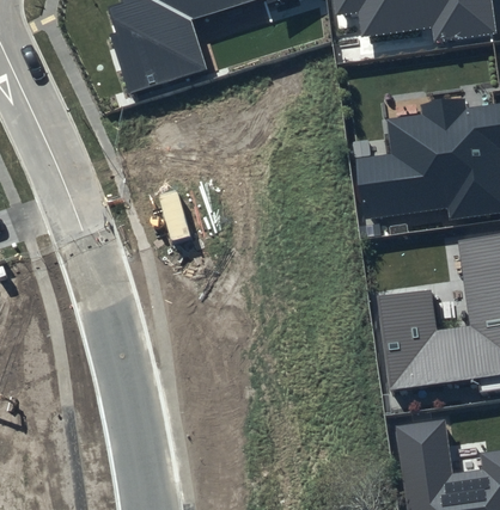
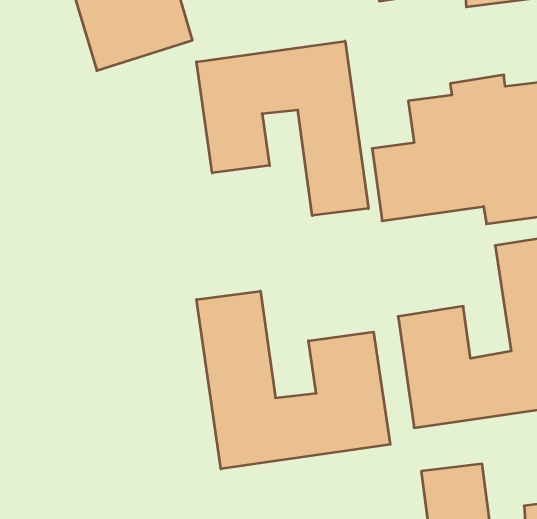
building: none -> [196,41,368,216]
building: none -> [197,291,390,469]

